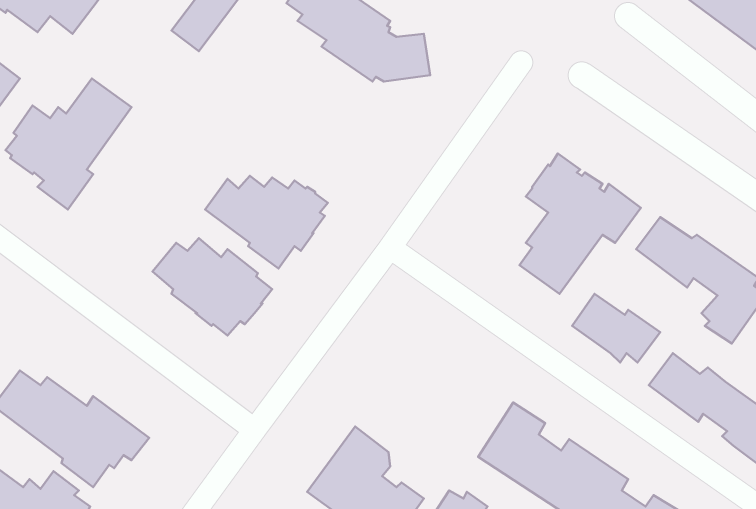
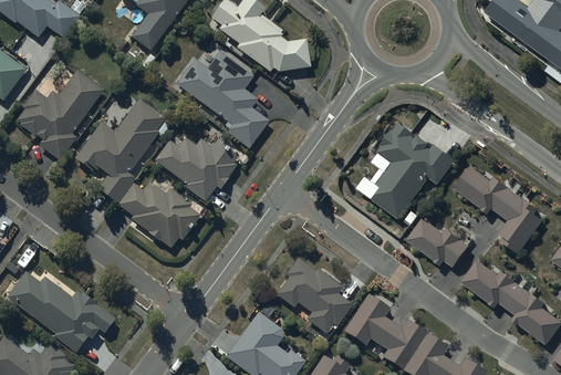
building: none -> [176,51,269,148]
building: none -> [74,98,165,204]
building: none -> [274,258,353,334]

